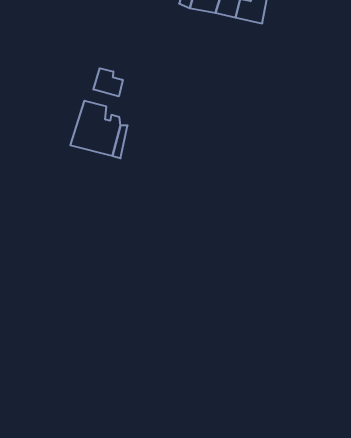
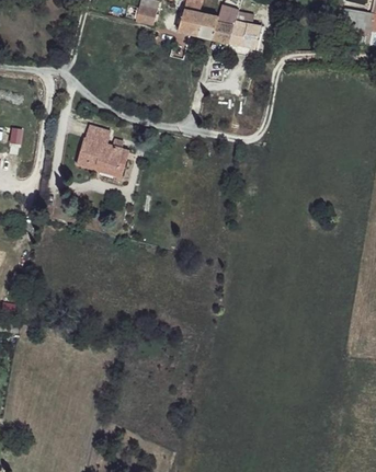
building: [93,68,123,96] -> none

